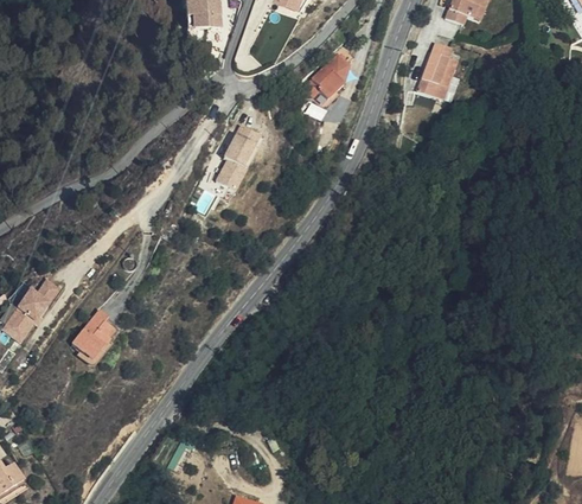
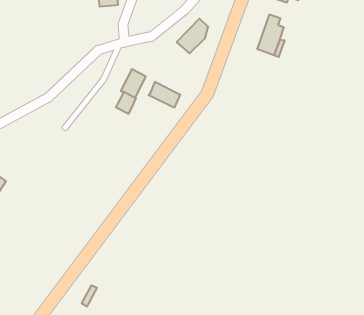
building: none -> [148,82,180,108]
building: [72,310,113,359] -> none

